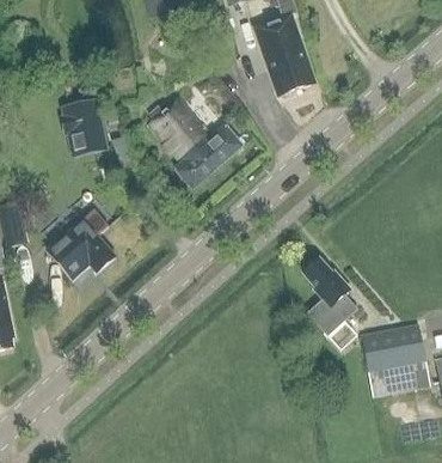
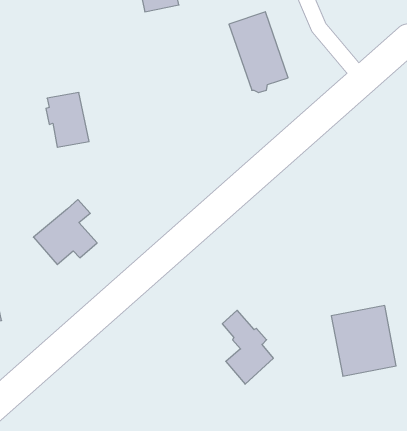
building: [147,97,243,188] -> none
building: [303,257,357,335] -> [222,310,273,384]

